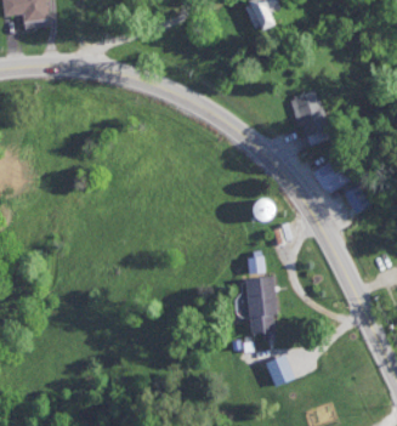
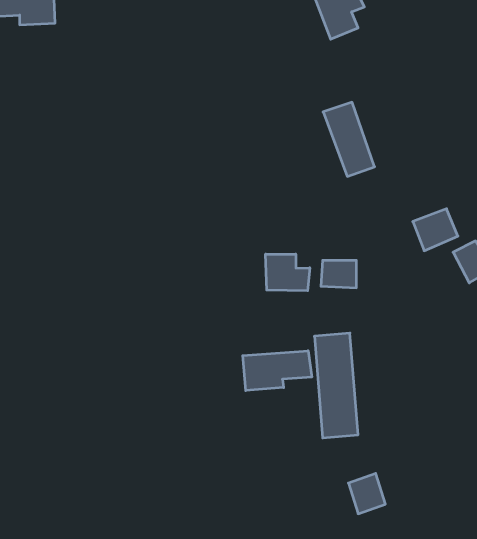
building: [295,93,334,149] -> [323,102,375,176]
building: none -> [266,254,310,291]
building: none -> [243,351,312,391]

